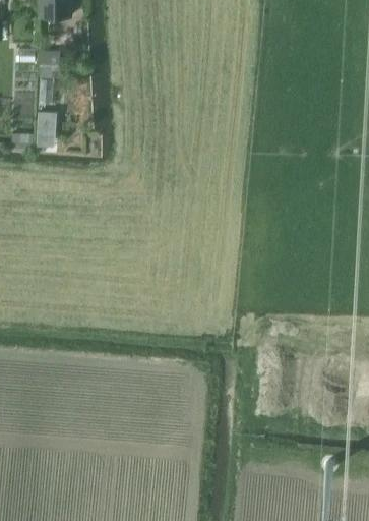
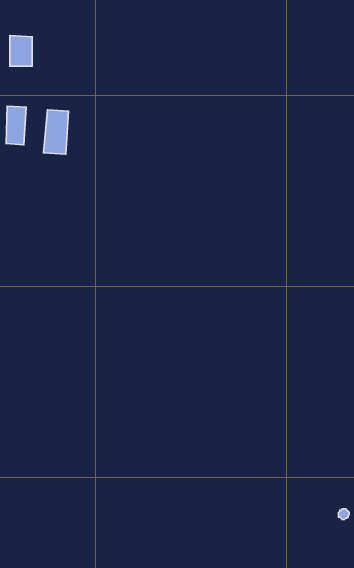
building: none -> [43,110,69,154]

